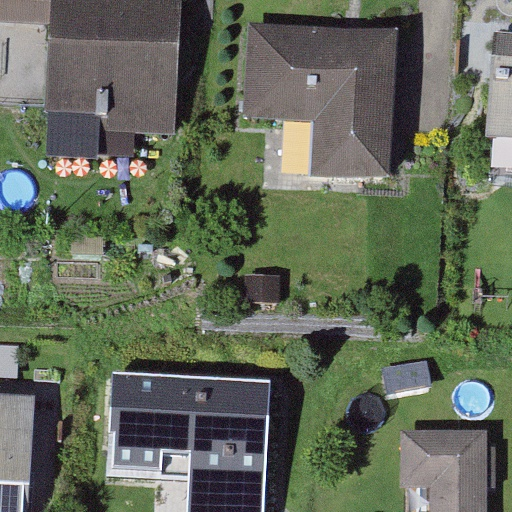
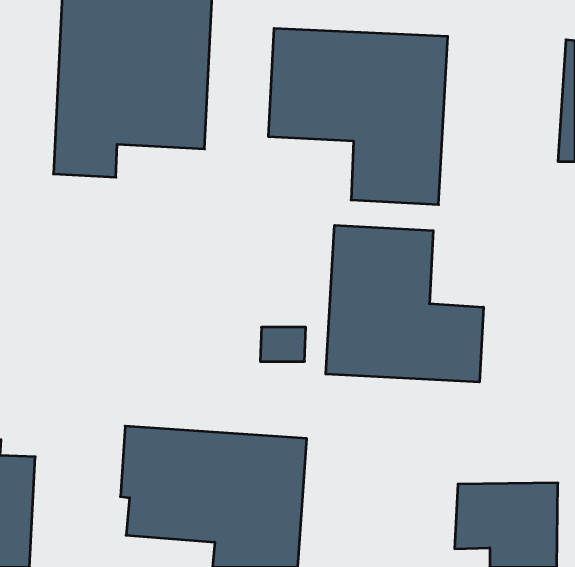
building: none -> [326,225,483,382]

